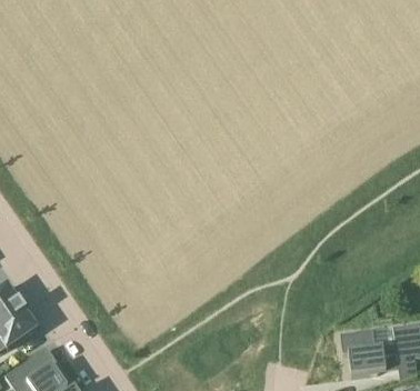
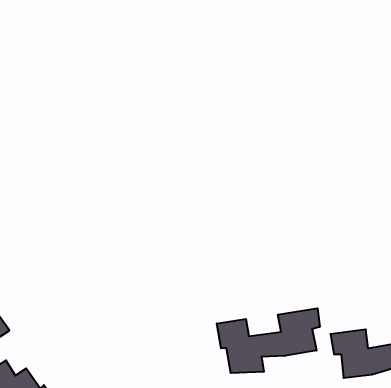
building: none -> [217,308,320,373]

